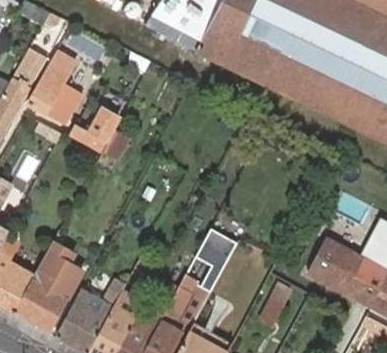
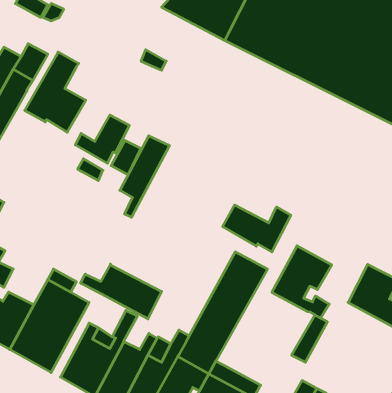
building: none -> [120,136,169,217]
building: none -> [223,205,291,252]
building: none -> [272,246,332,318]
building: none -> [81,264,162,319]

